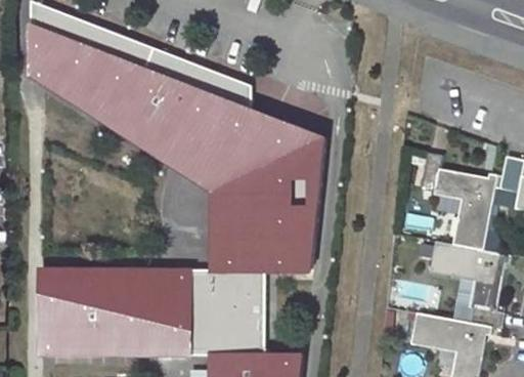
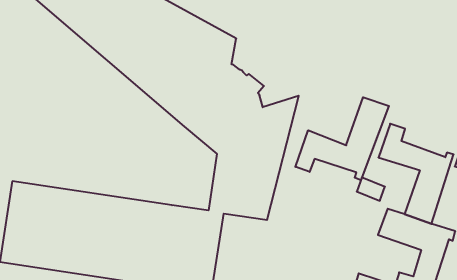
building: none -> [295,97,389,180]
building: [210,185,249,269] -> none

